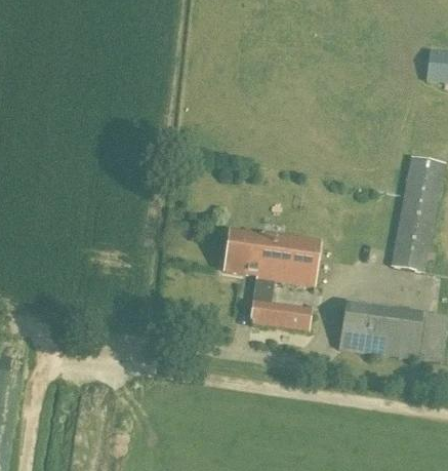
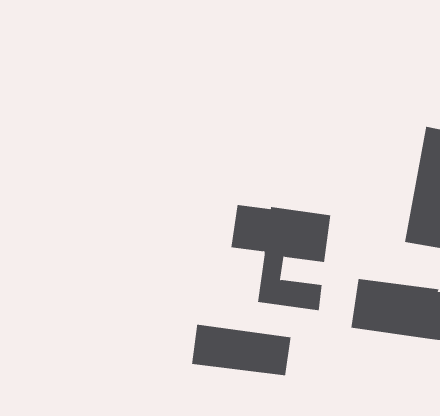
building: none -> [192,324,291,376]

